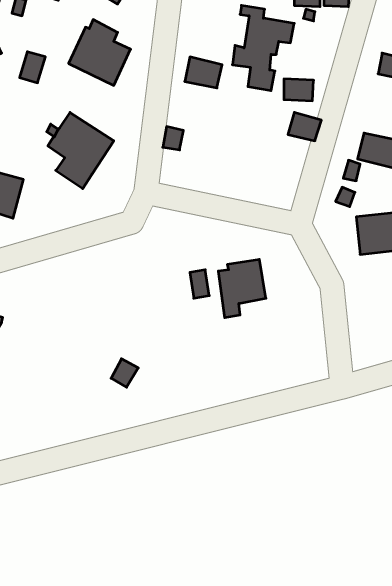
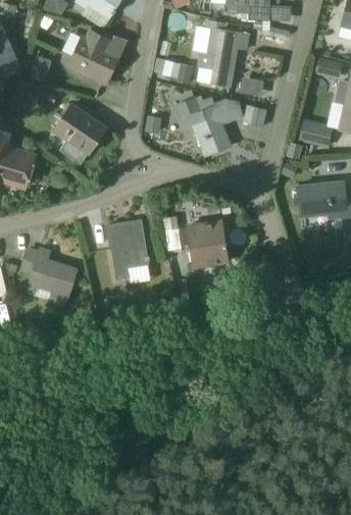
building: none -> [174,97,240,156]
building: none -> [106,219,149,278]
building: none -> [30,249,77,306]

